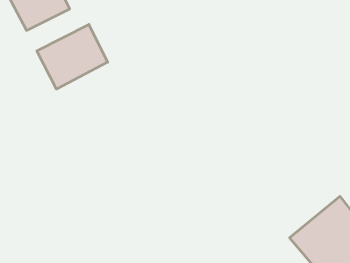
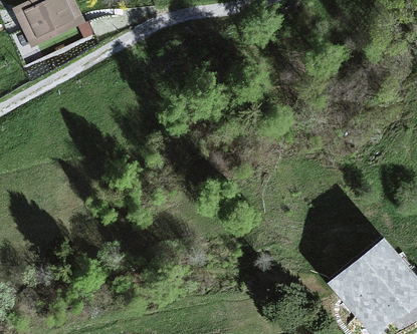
building: [37,24,108,89] -> none

